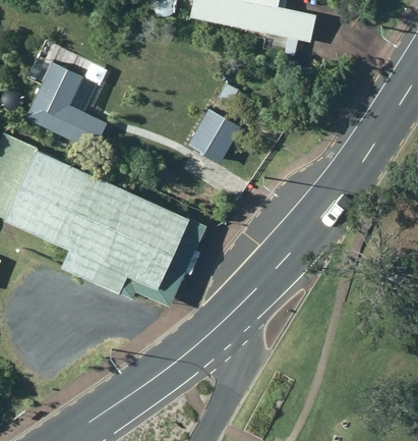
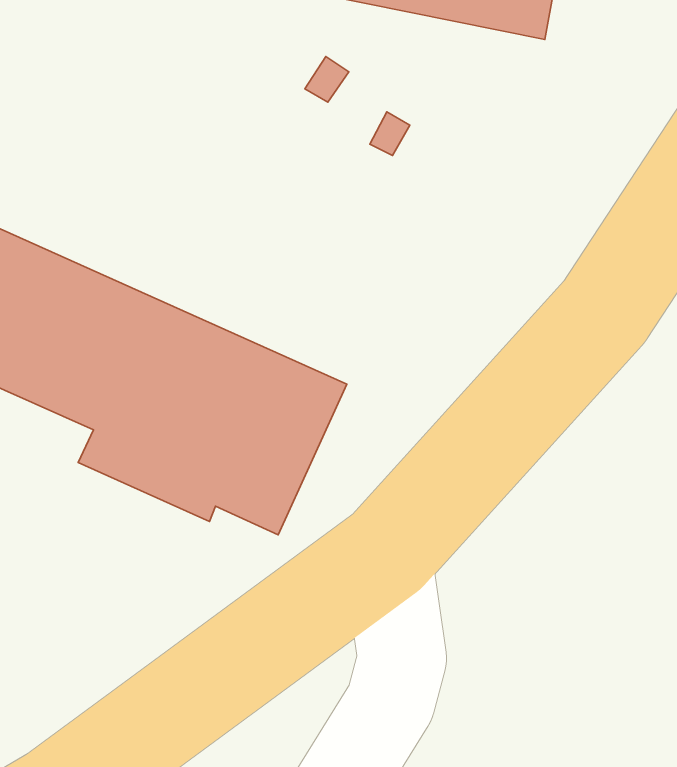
building: [25,62,106,151] -> none
building: [187,104,241,162] -> none

